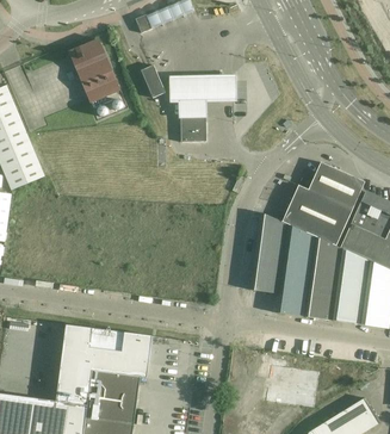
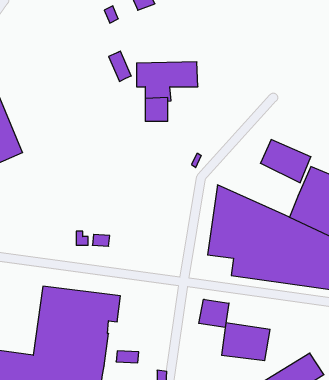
building: [68,41,119,101] -> none
building: [281,185,352,246] -> none
building: none -> [199,299,229,327]

